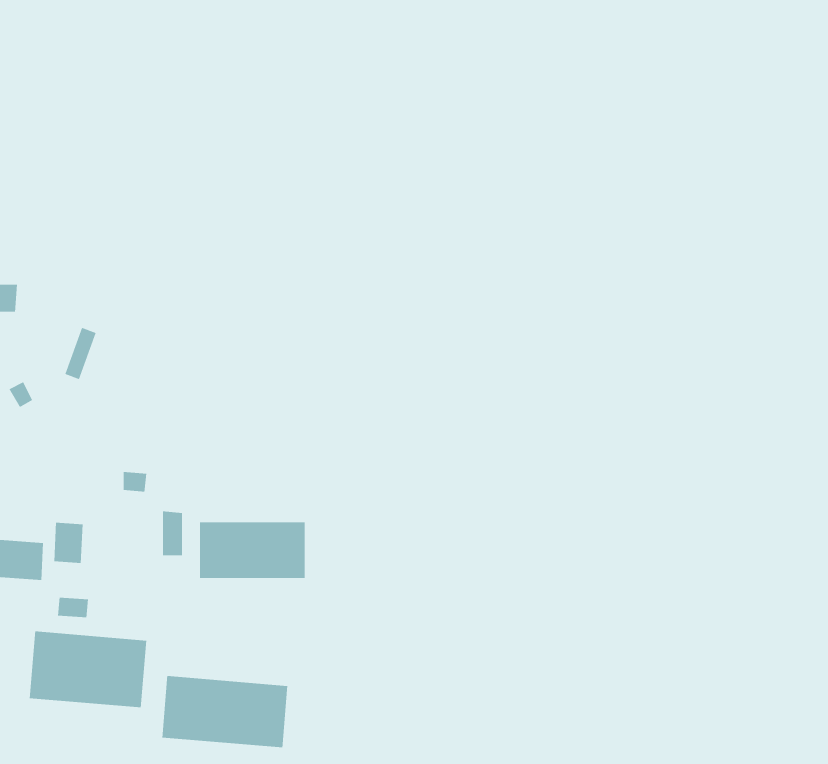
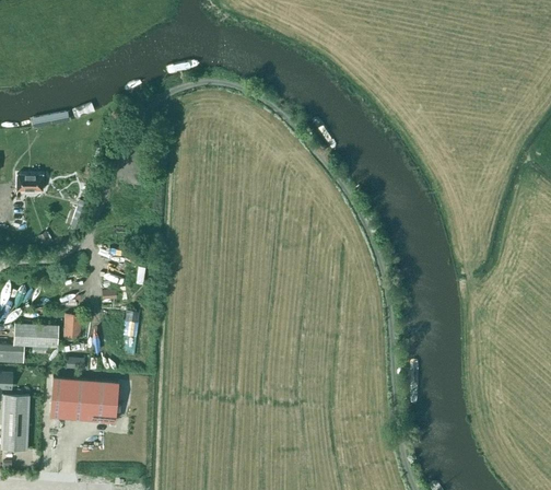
building: [199,521,305,579] -> none
building: [162,675,288,748] -> none

